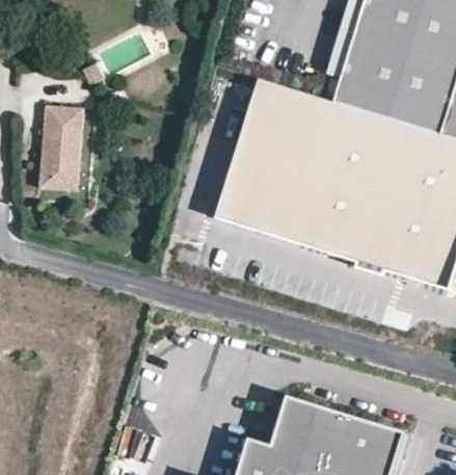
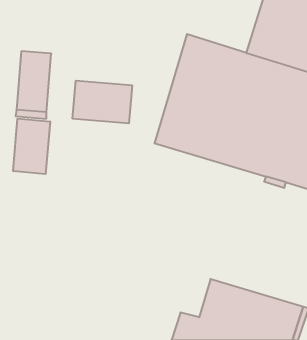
building: none -> [73,81,132,123]
building: none -> [13,119,50,174]

